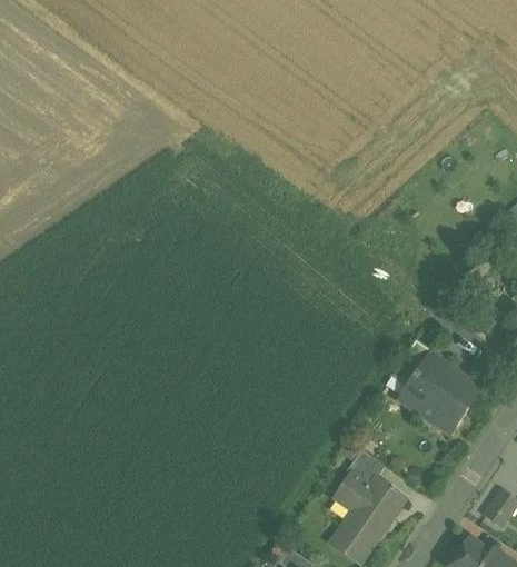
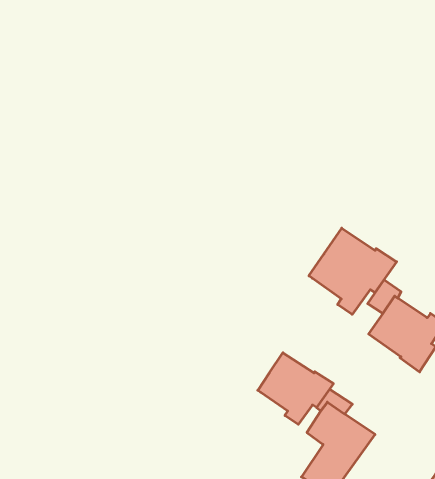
building: none -> [309,228,397,314]
building: none -> [258,353,333,424]

